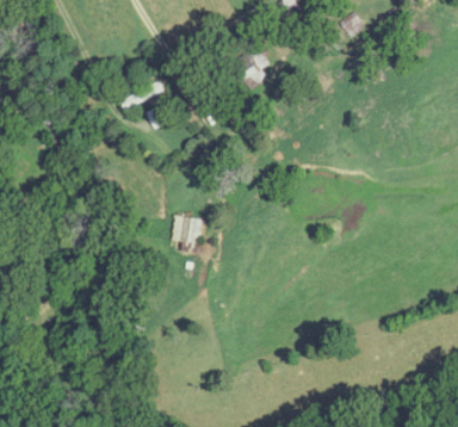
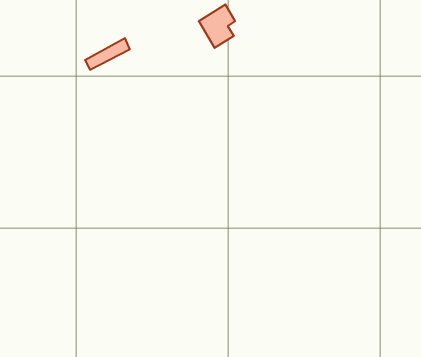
building: [174,217,200,245] -> none

